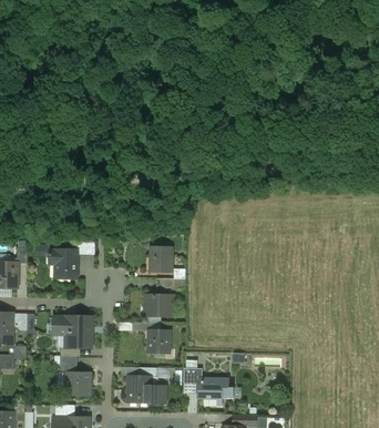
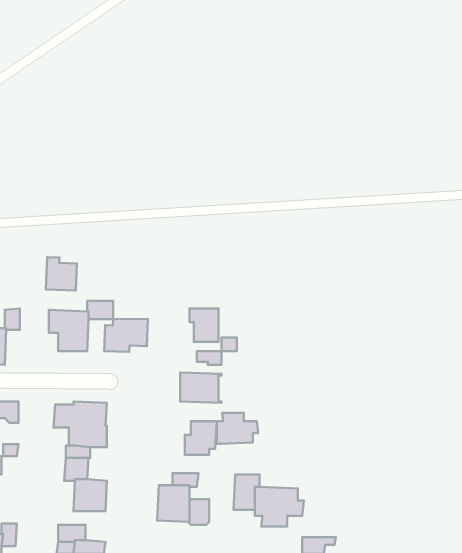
building: none -> [46,257,77,291]
building: none -> [104,319,148,352]
building: none -> [217,413,258,444]

